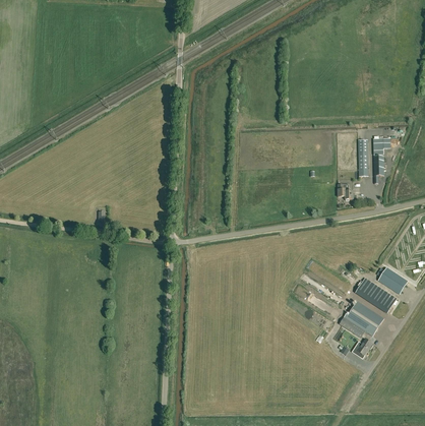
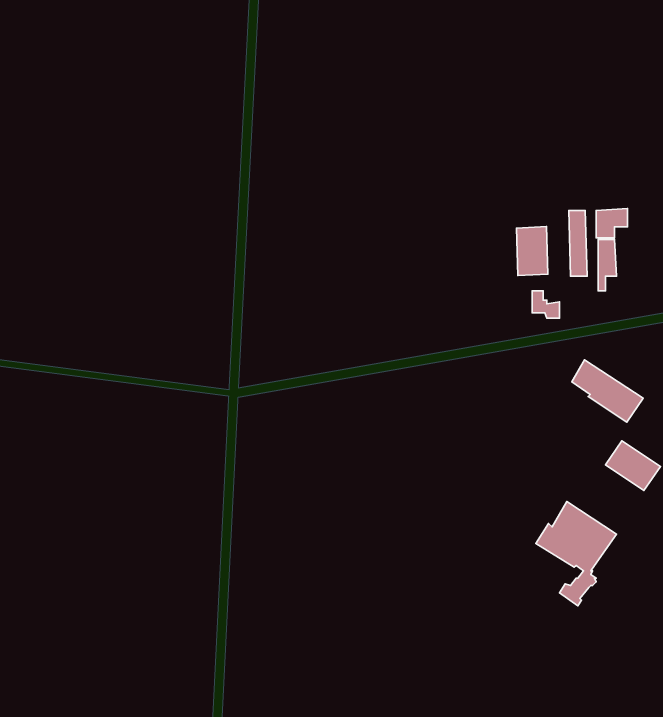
building: none -> [517,227,548,276]
building: [358,277,398,311] -> [572,360,643,422]

